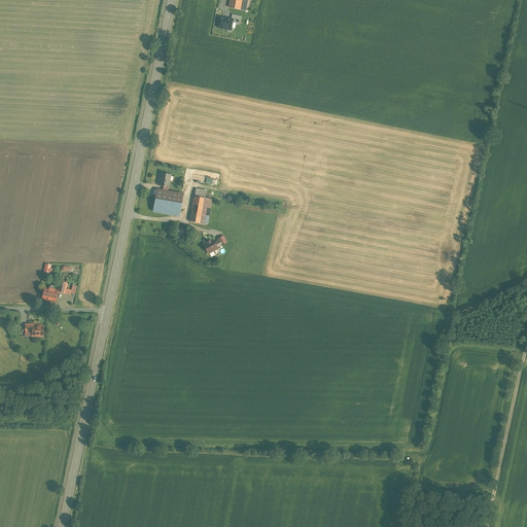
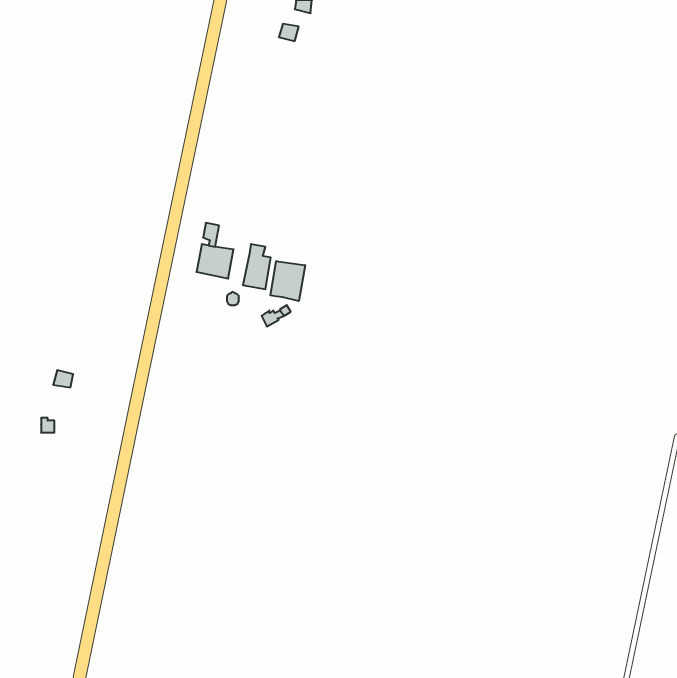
building: none -> [270,261,305,301]

